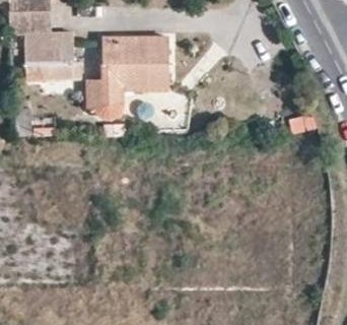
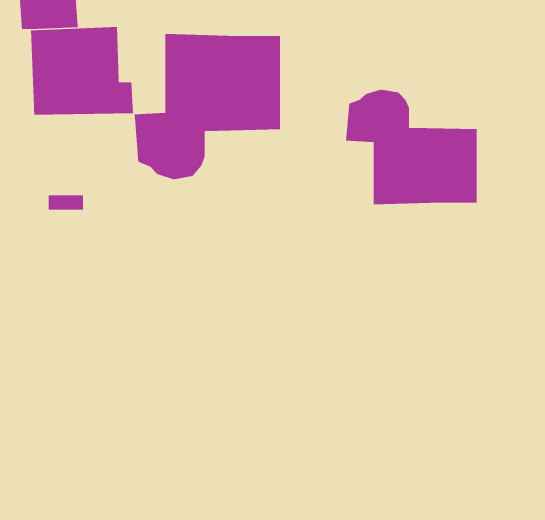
building: none -> [345,89,477,205]

